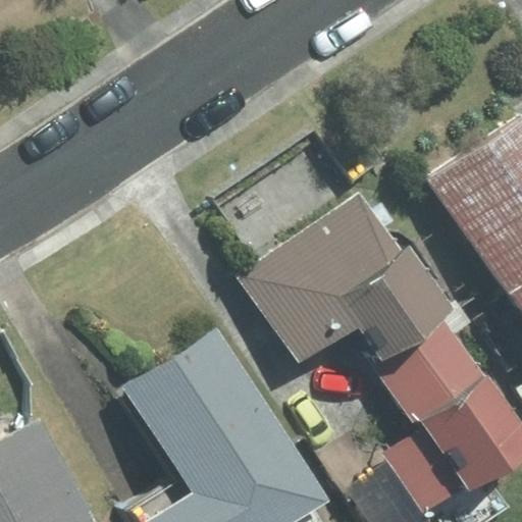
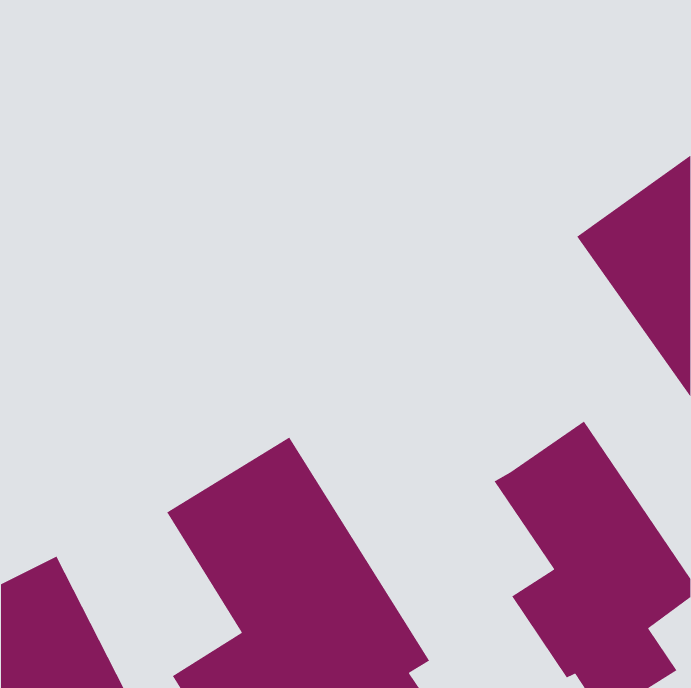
building: [243,192,454,362] -> none

